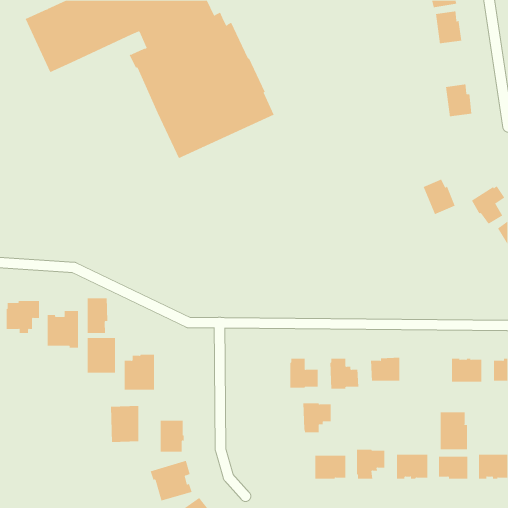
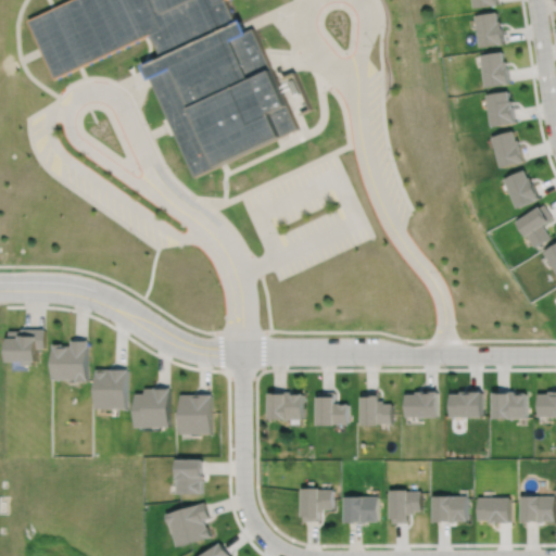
building: none -> [479,54,508,90]
building: none -> [489,129,521,166]
building: [423,179,456,215] -> [501,168,536,207]
building: [87,297,108,334] -> none
building: none -> [447,391,480,417]
building: none -> [266,392,301,419]
building: [302,403,331,433] -> [299,489,330,521]
building: [110,405,139,442] -> [179,394,211,434]
building: [440,411,467,450] -> none

